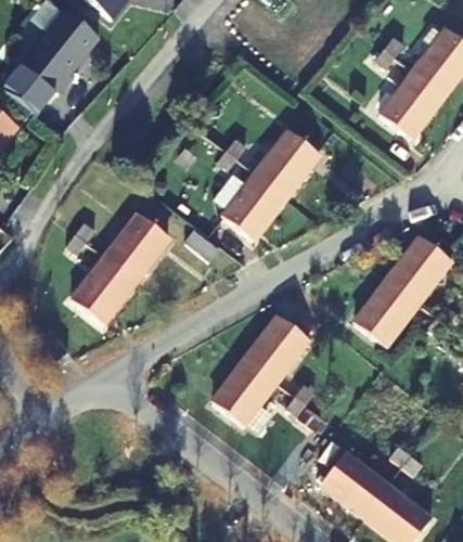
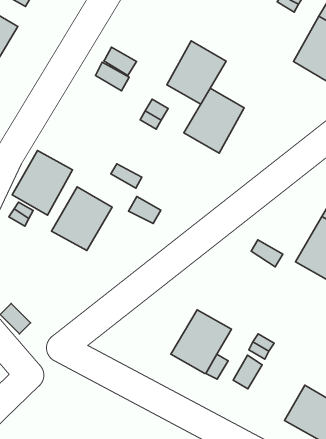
building: [223,171,288,238] -> [167,41,226,104]
building: [72,255,138,323] -> [12,151,73,215]
building: [244,313,309,382] -> none

